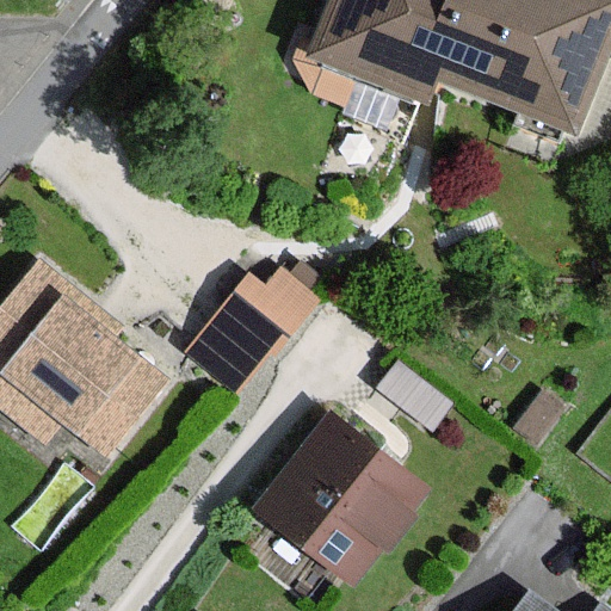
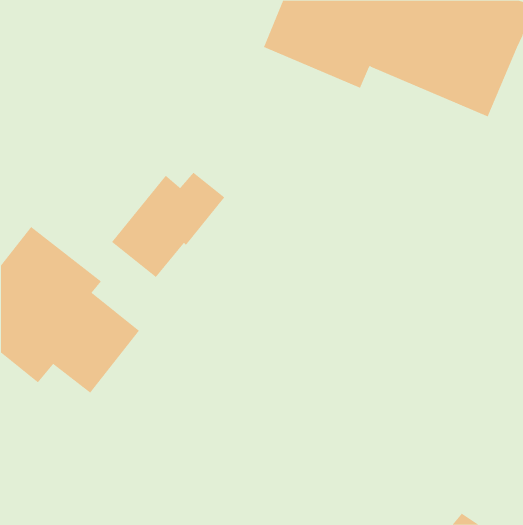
building: [186,271,319,394] -> [111,172,225,278]
building: [255,419,422,585] -> none

